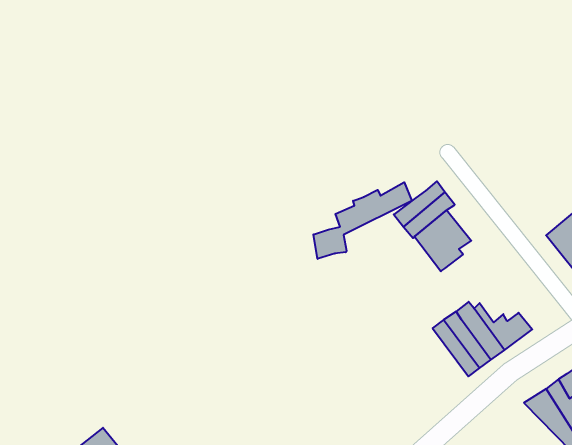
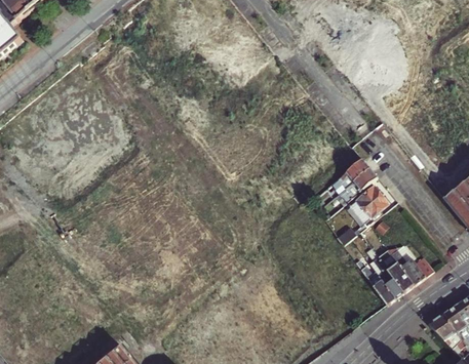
building: [313,182,412,259] -> none

